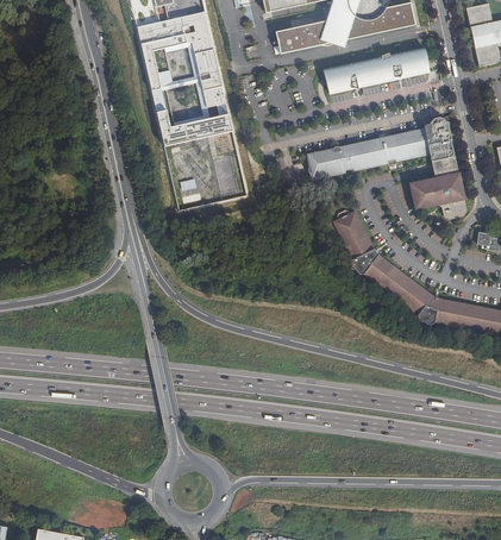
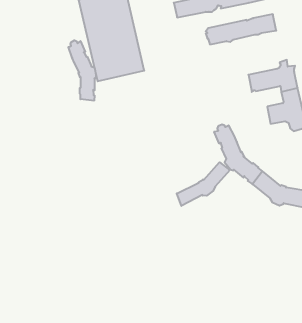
building: none -> [68,40,96,101]
building: [307,136,388,177] -> none
building: none -> [177,162,230,206]

